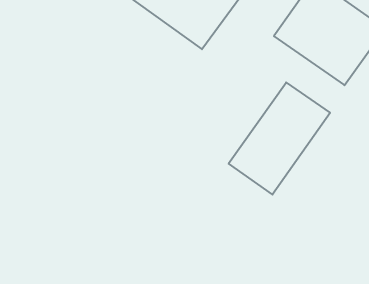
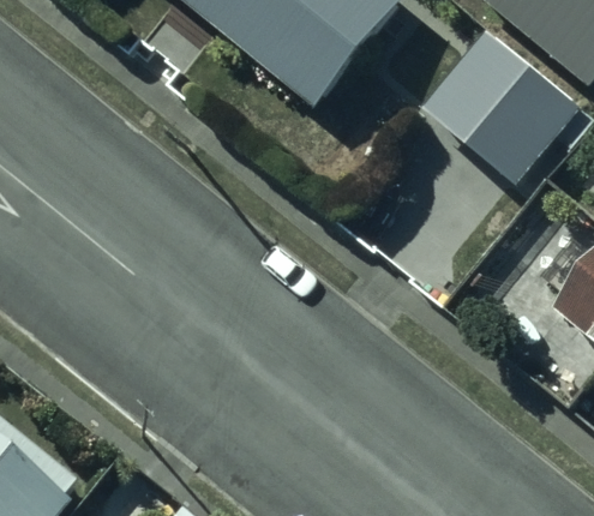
building: [229,82,330,195] -> none

